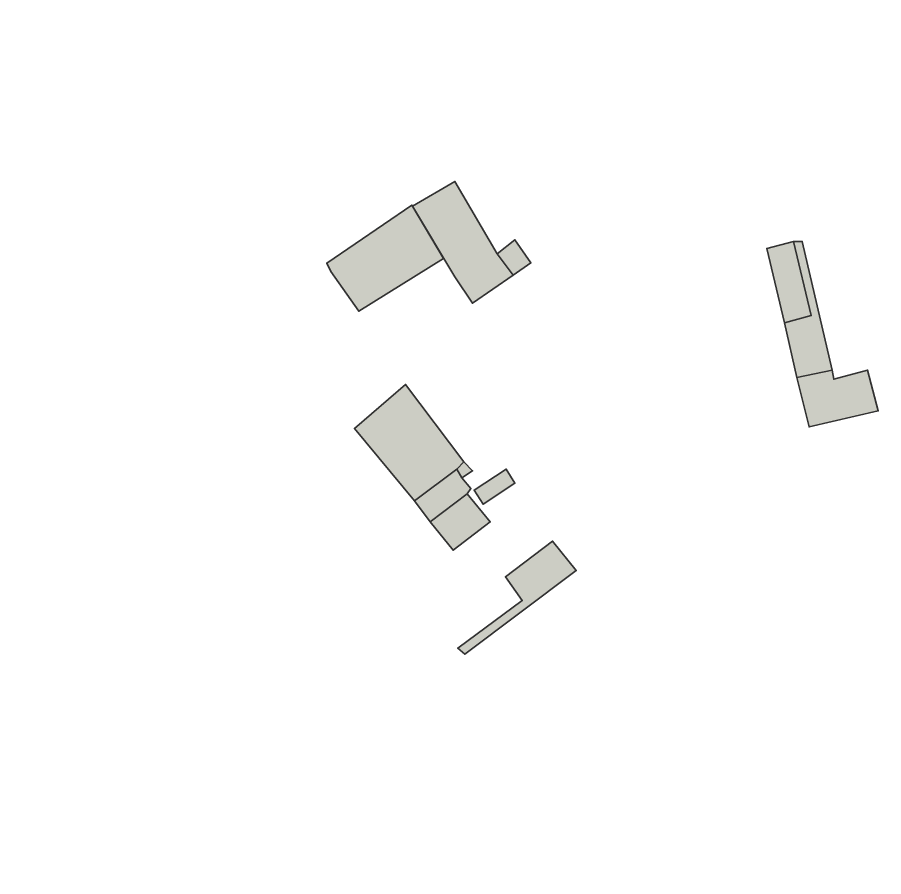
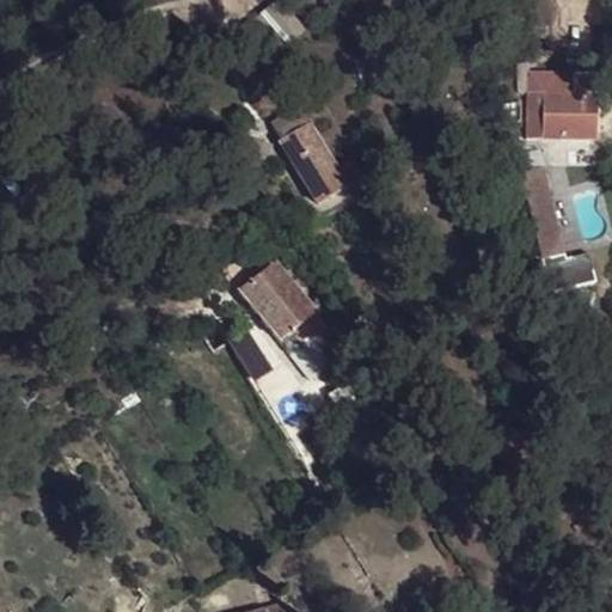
building: none -> [524,71,600,136]
building: [327,205,443,311] -> none
building: [458,541,576,654] -> none

